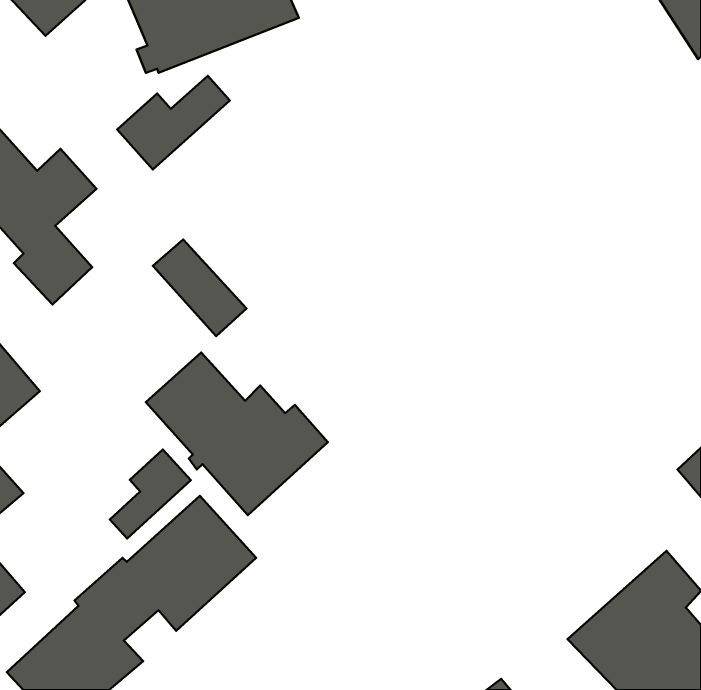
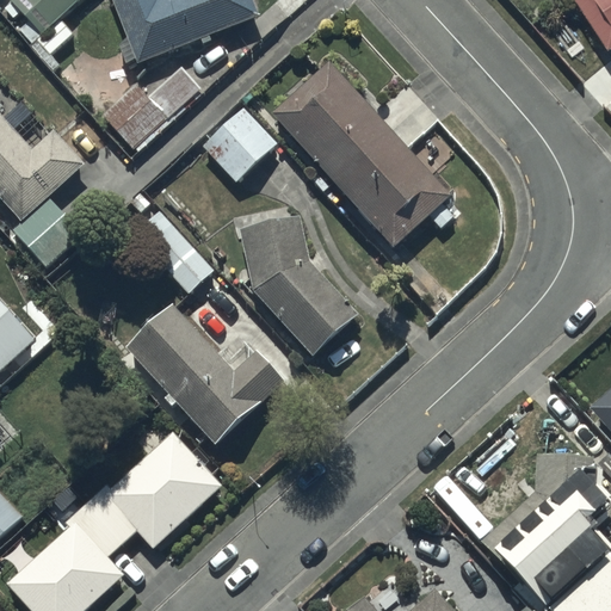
building: none -> [270,58,453,248]
building: none -> [202,105,277,180]
building: none -> [240,215,359,357]
building: [110,450,191,538] -> none

